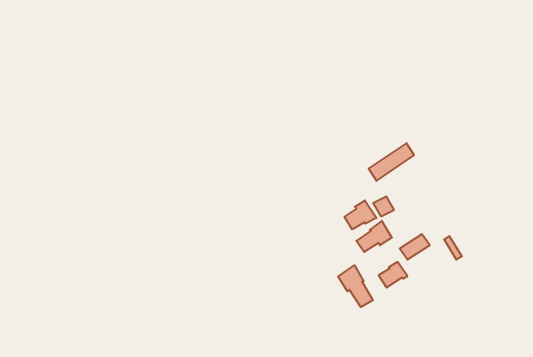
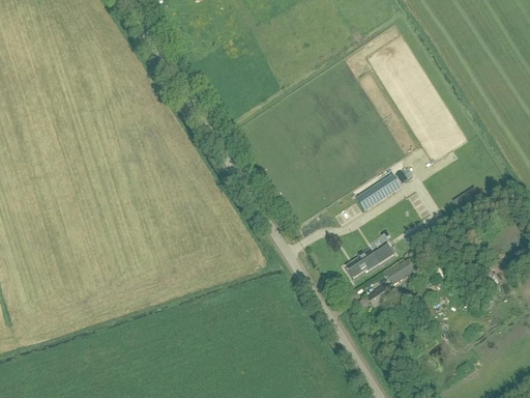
building: [345,200,377,229] -> none
building: [338,265,373,307] -> none

